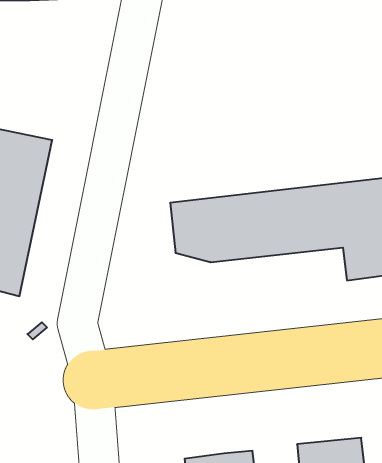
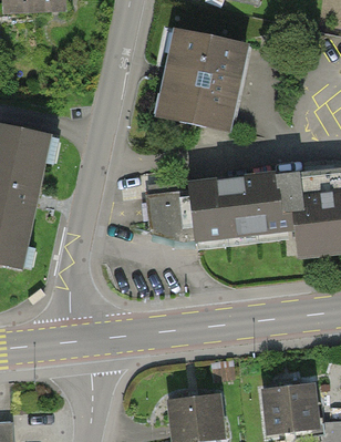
building: none -> [152,30,246,135]

